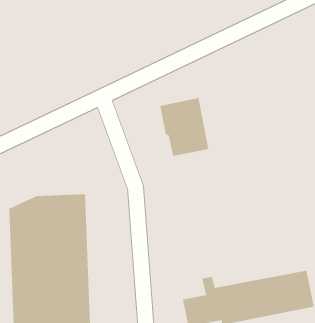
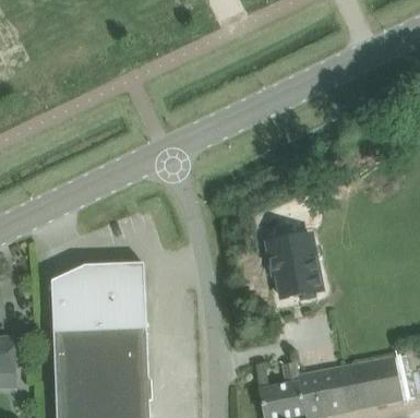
building: [160,98,209,156] -> [263,229,322,299]

